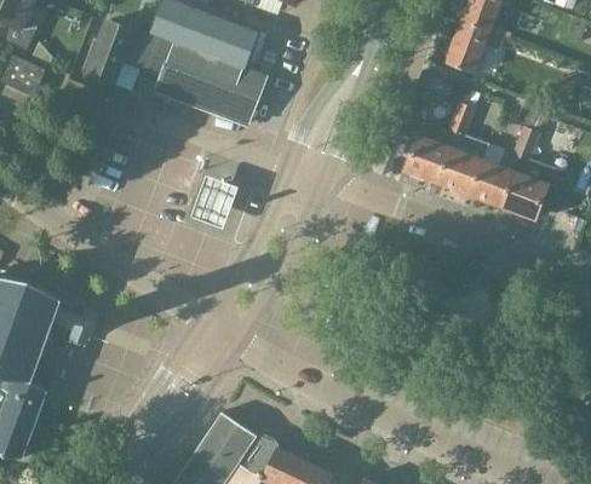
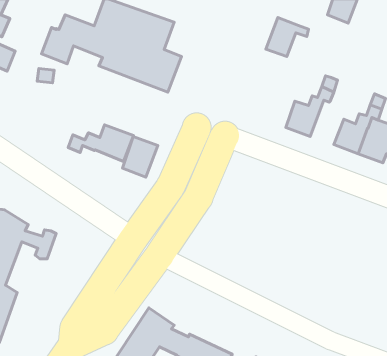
building: [444,22,501,74] -> [266,17,309,56]
building: [437,136,487,195] -> none
building: none -> [68,125,134,161]

